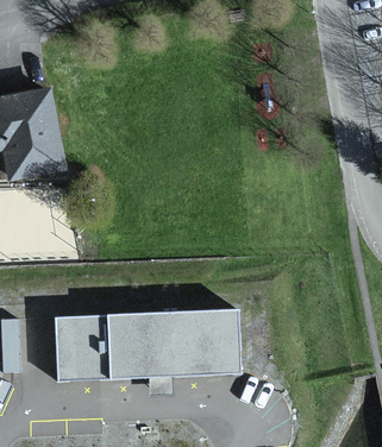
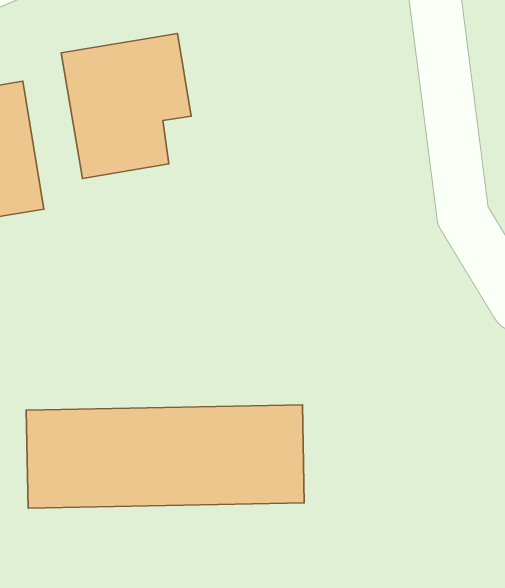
building: none -> [61,33,191,179]

